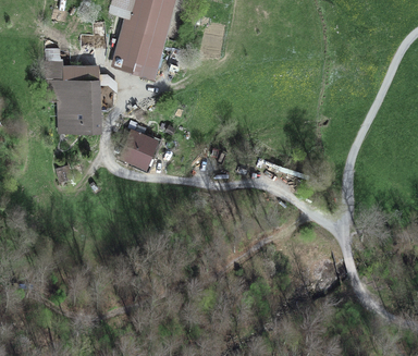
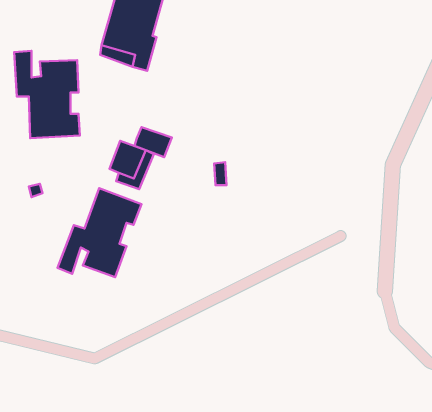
building: none -> [135,127,172,157]
building: none -> [57,188,142,277]

